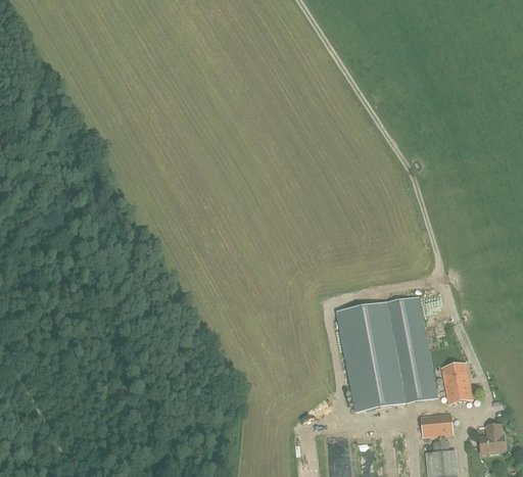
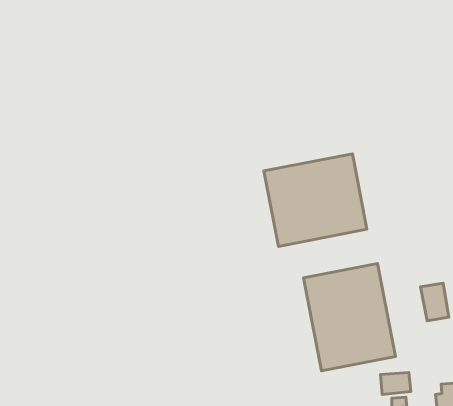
building: none -> [264,154,367,246]
building: [441,362,472,402] -> [420,283,449,321]

